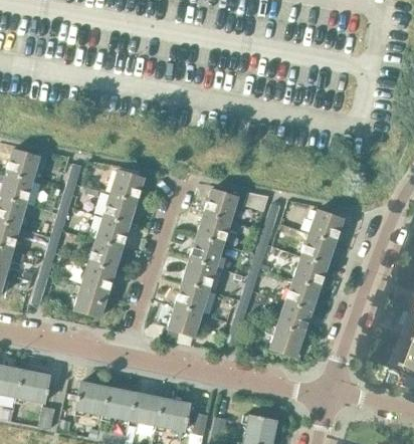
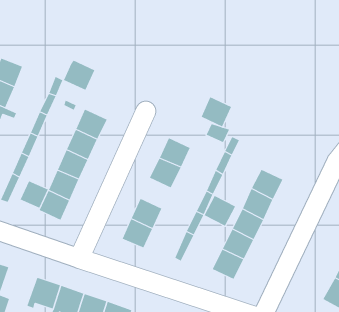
building: [110,170,143,201] -> [63,60,95,90]
building: [204,189,236,220] -> [201,97,232,127]
building: [308,210,342,241] -> none
building: [182,258,214,289] -> none
building: none -> [204,195,236,226]
building: none -> [20,181,48,209]

